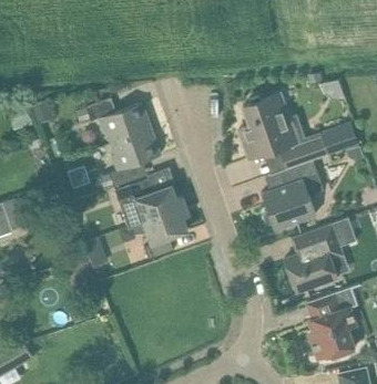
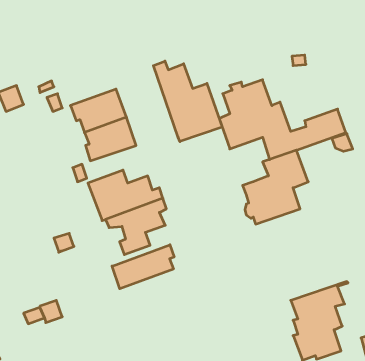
building: none -> [153,61,222,142]
building: [284,217,357,291] -> none
building: none -> [112,245,174,289]

